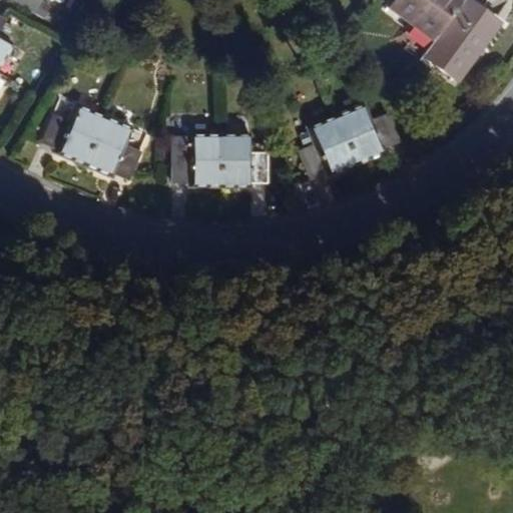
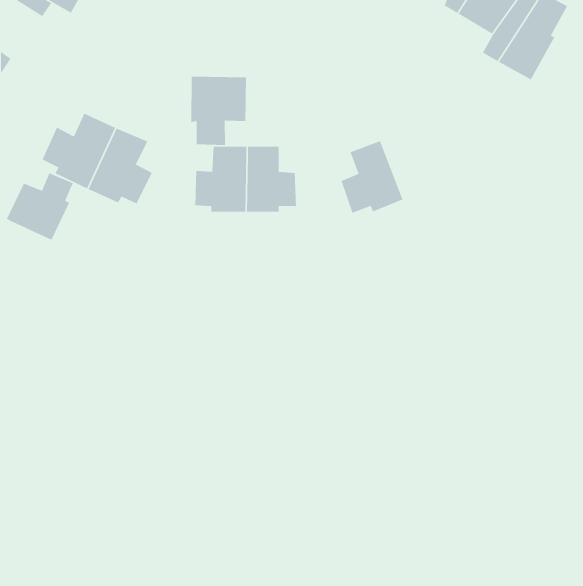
building: none -> [190,76,247,146]
building: [336,112,395,174] -> none
building: none -> [6,172,74,241]

